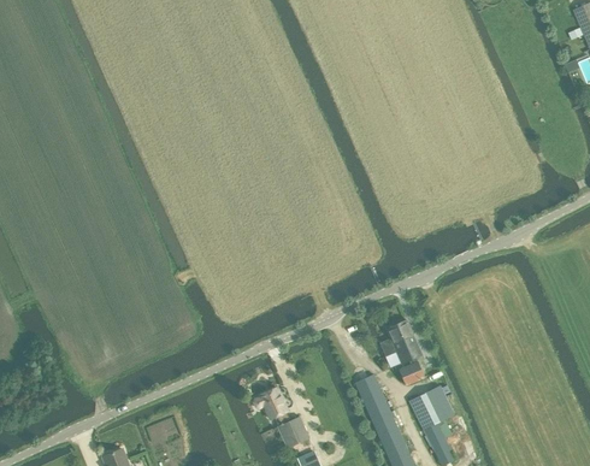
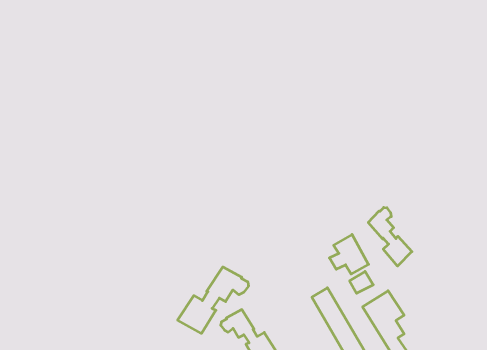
building: none -> [368,207,412,266]
building: none -> [178,267,248,333]

